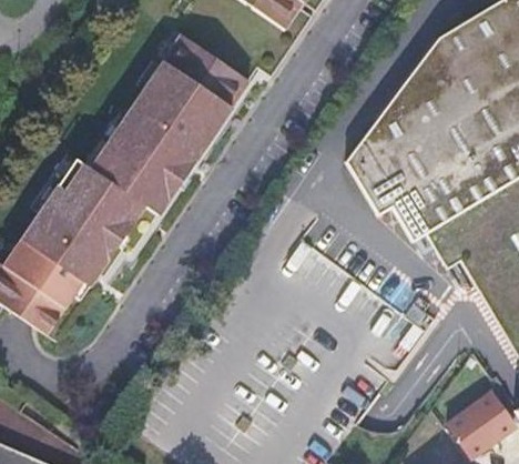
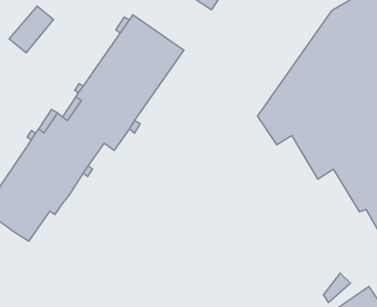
building: none -> [9,6,53,53]

